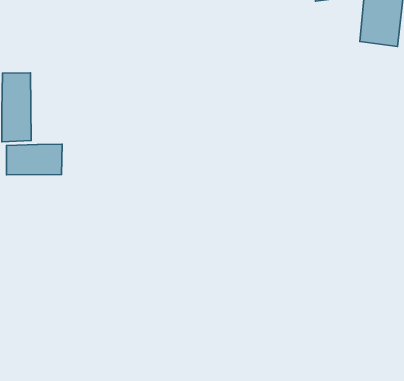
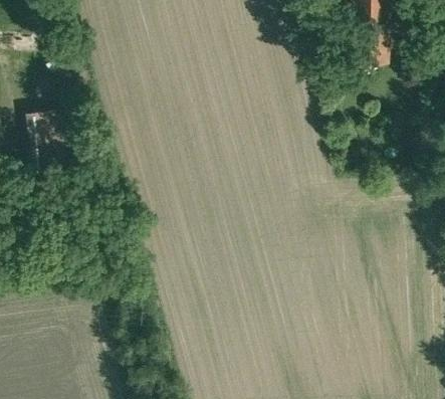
building: [6,144,62,175] -> none

